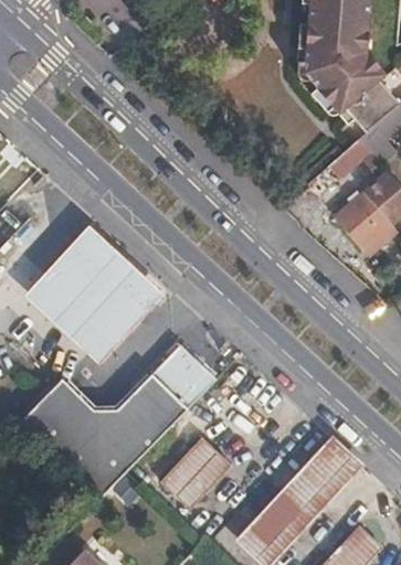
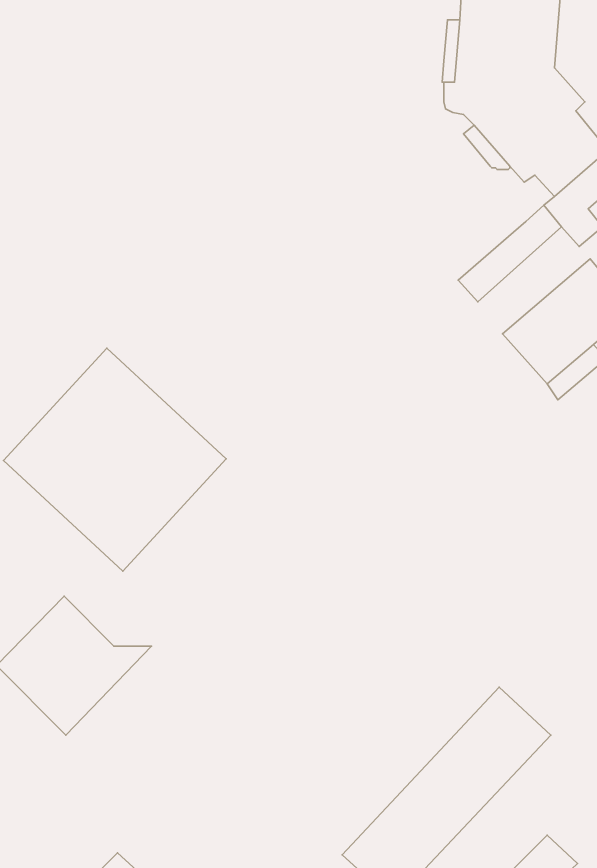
building: [63,344,215,500] -> none
building: [160,438,230,510] -> none

